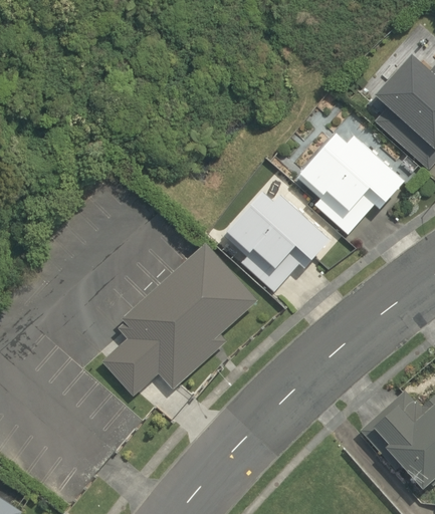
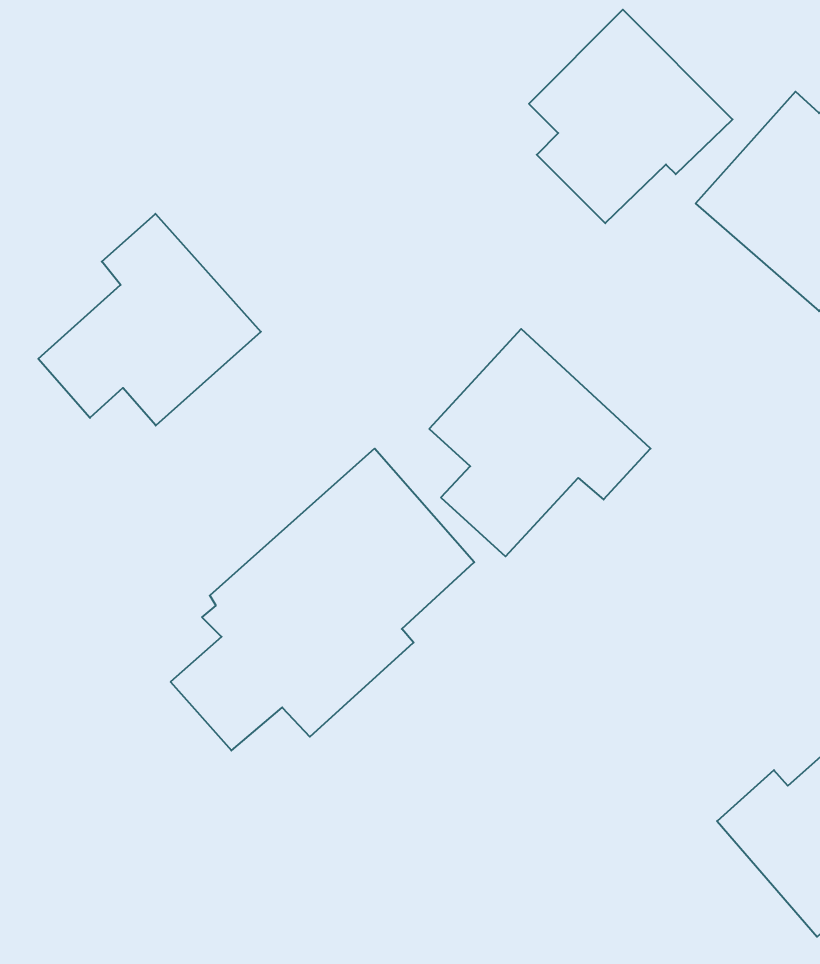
building: none -> [38,214,261,426]
building: [305,126,410,236] -> [529,10,733,223]

